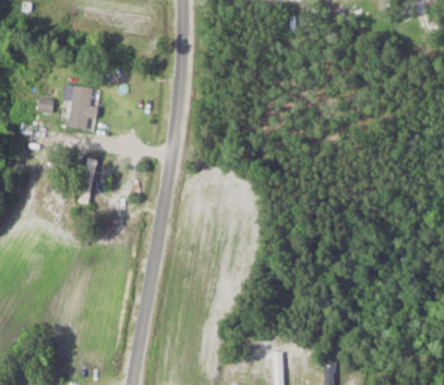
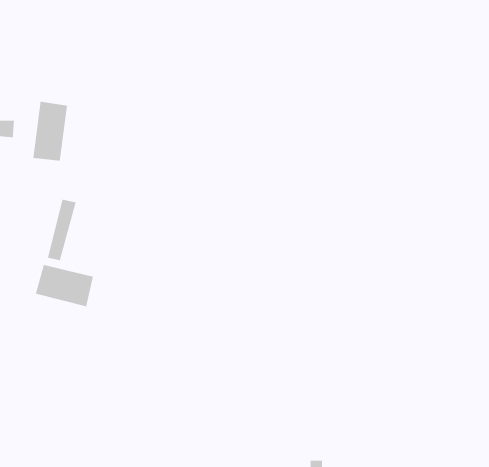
building: none -> [35,264,94,307]

